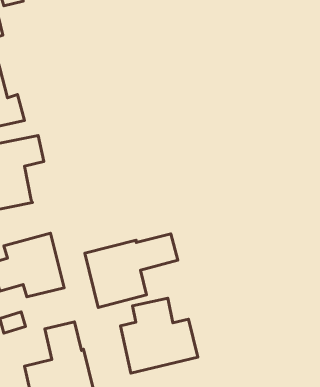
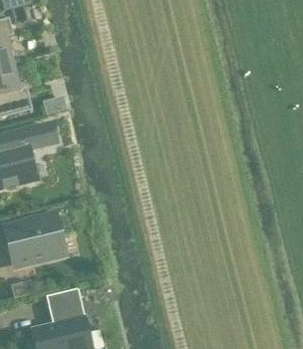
building: [85,234,178,308] -> none
building: [120,298,198,373] -> none

